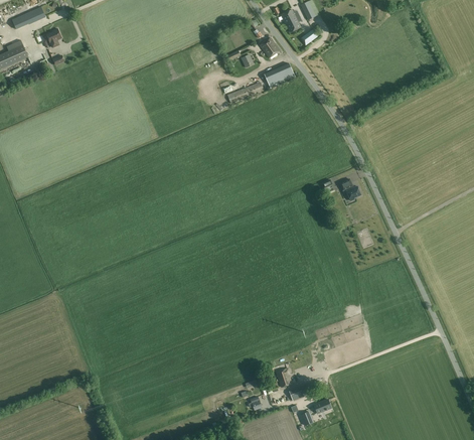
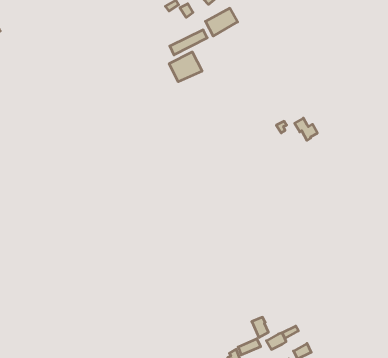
building: none -> [169,52,202,82]

